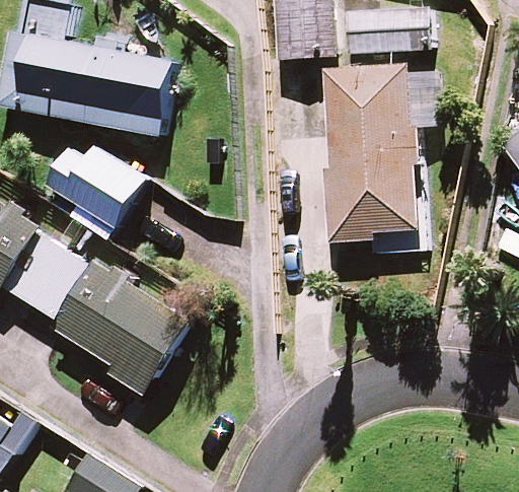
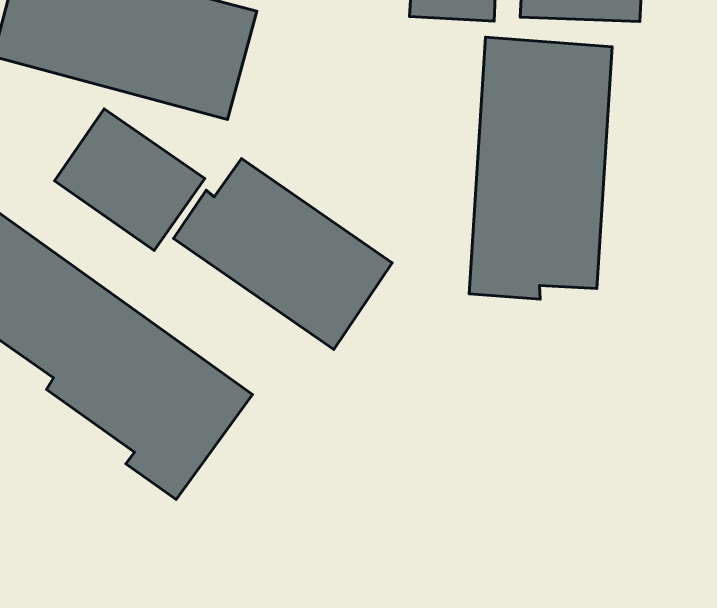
building: none -> [174,158,392,349]

